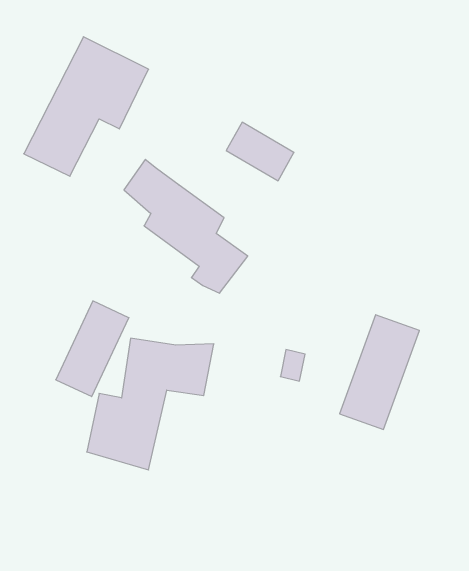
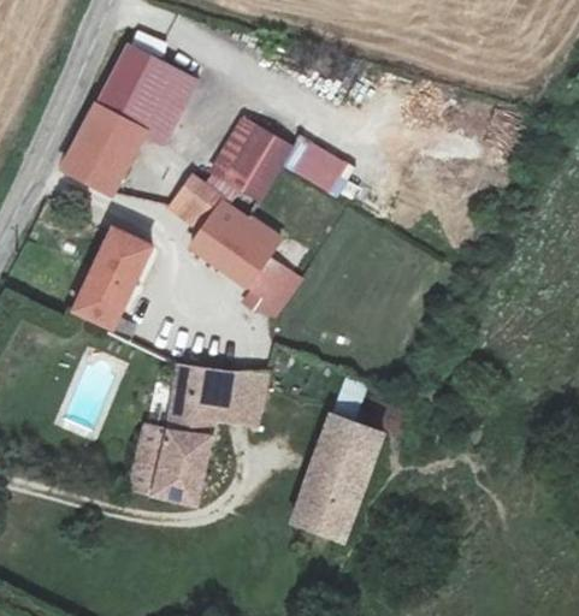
building: none -> [205,119,289,201]
building: [56,301,129,397] -> [71,226,149,328]
building: [340,315,419,429] -> [295,416,380,539]

